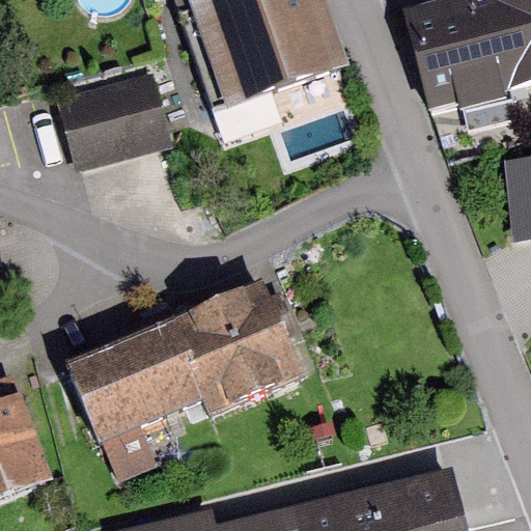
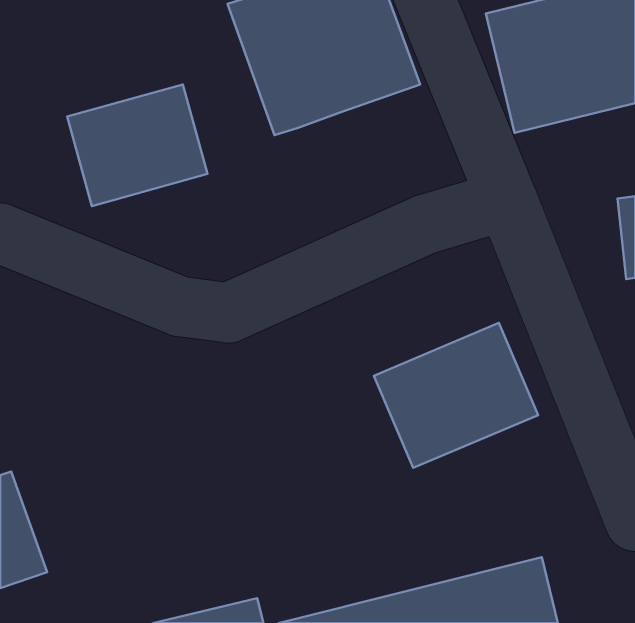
building: none -> [374,323,538,468]
building: [66,282,307,449] -> none

